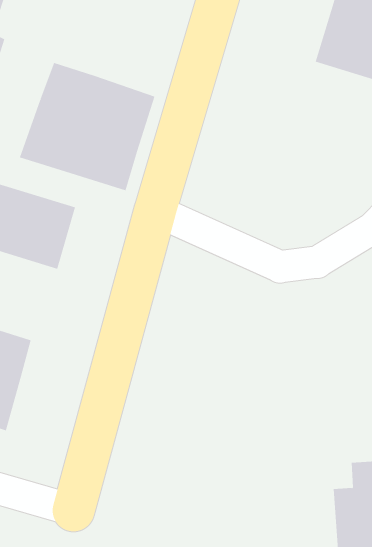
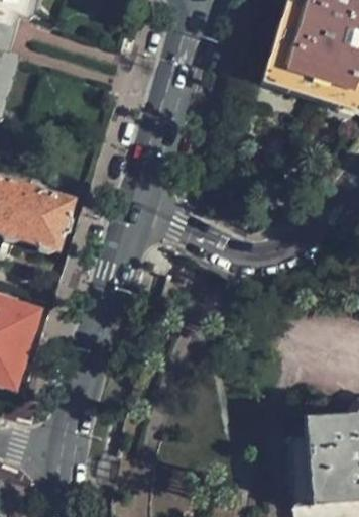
building: [19,62,155,191] -> none

